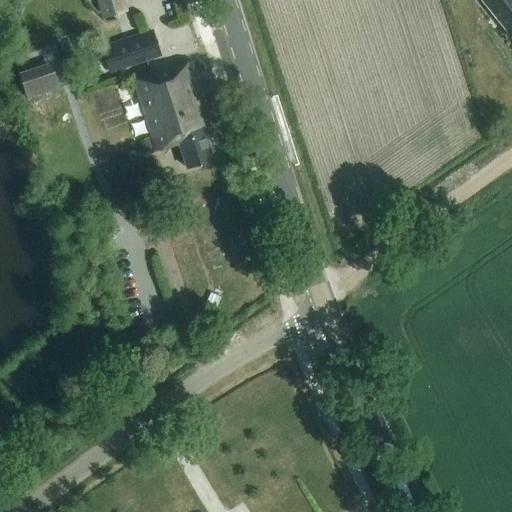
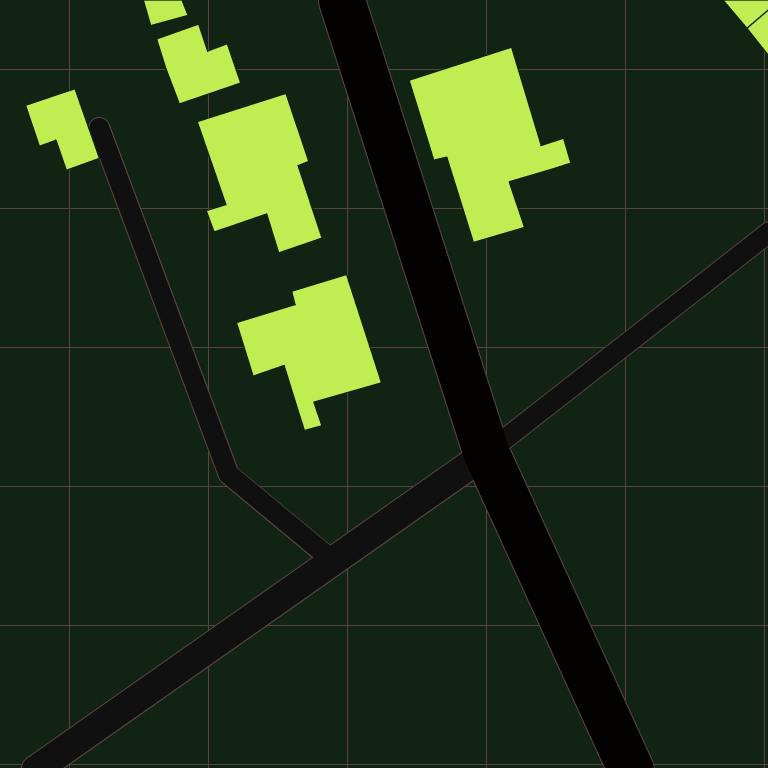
building: none -> [409,47,571,243]
building: none -> [237,274,382,431]

